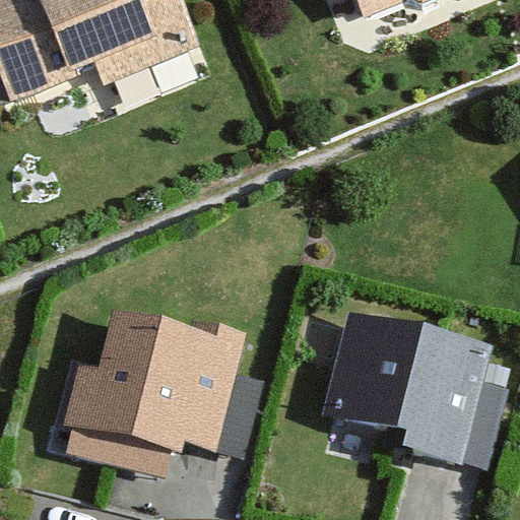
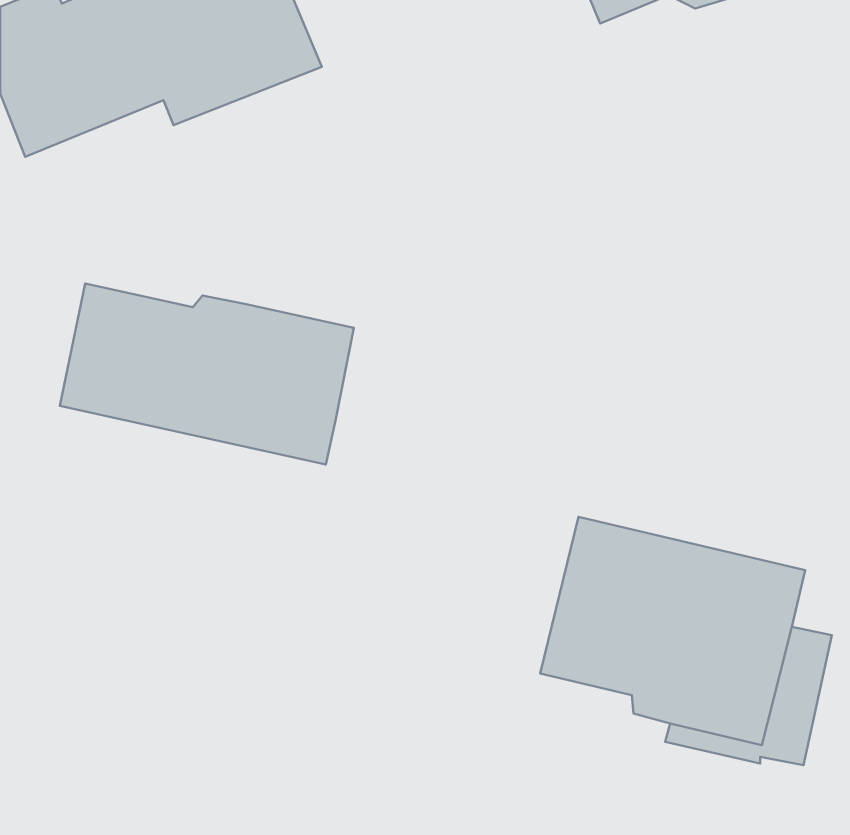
building: none -> [60,284,354,465]
building: [58,321,238,460] -> none

